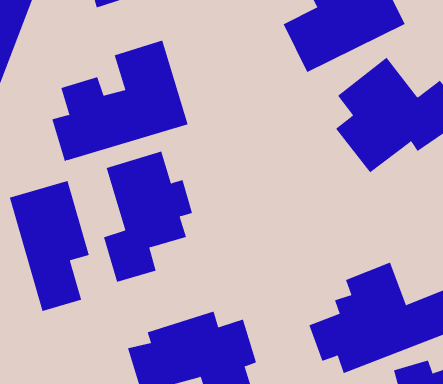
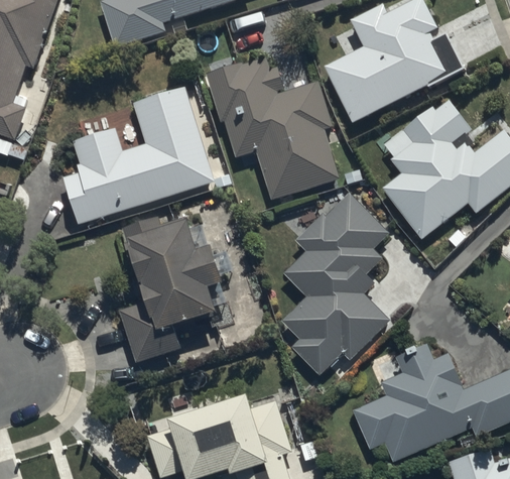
building: none -> [208,49,340,200]
building: none -> [281,193,391,377]
building: [9,180,90,312] -> none

